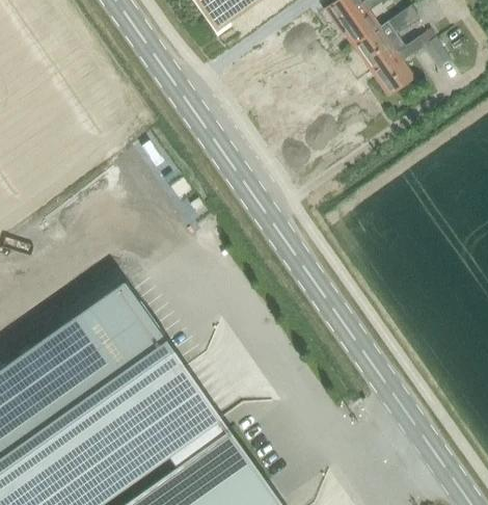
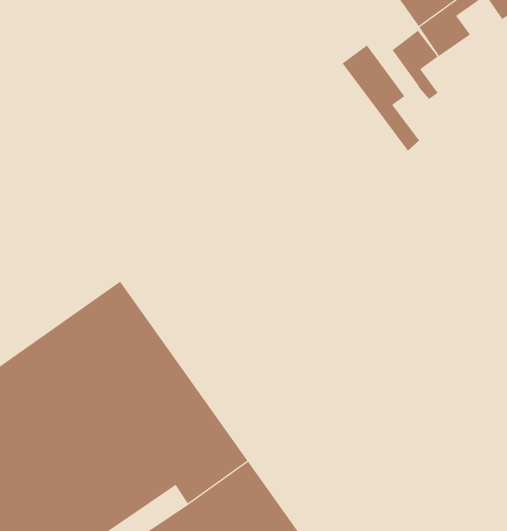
building: none -> [392,30,439,100]
building: none -> [342,44,420,152]

